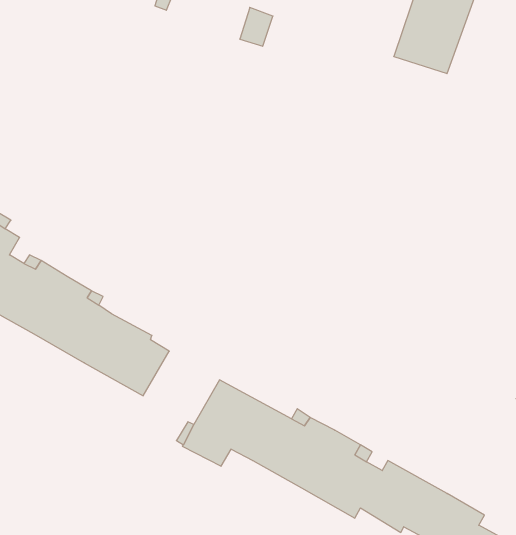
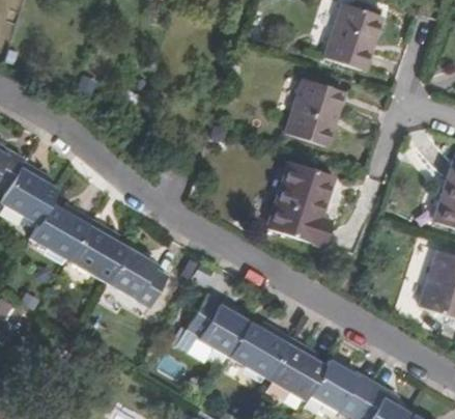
building: none -> [286,82,345,149]
building: none -> [262,161,334,249]

